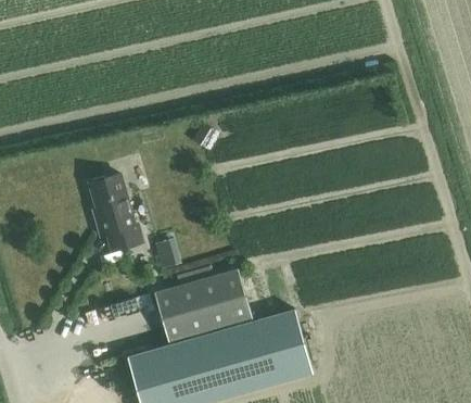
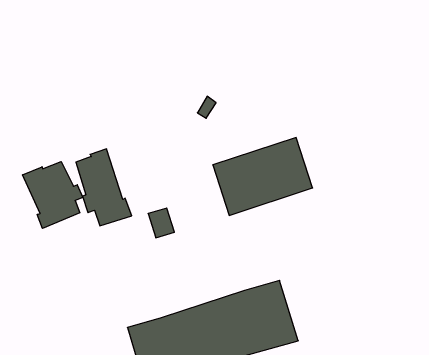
building: none -> [23,162,83,228]
building: [155,269,254,347] -> [213,138,313,215]

